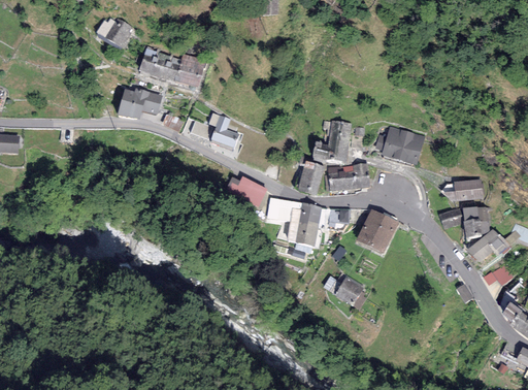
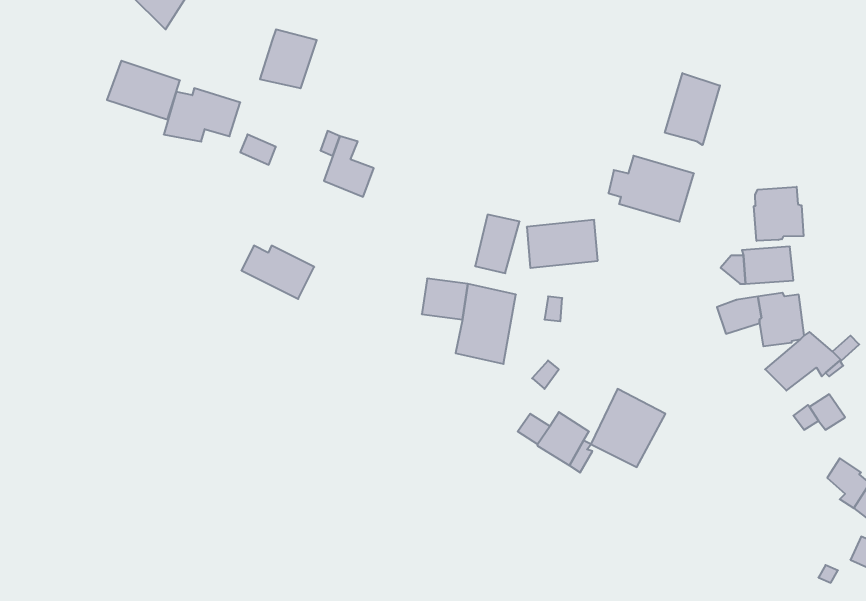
building: [138,47,180,82] -> [107,61,180,120]
building: none -> [665,73,720,145]
building: [311,120,351,162] -> none
building: none -> [754,187,804,241]
building: [225,175,267,206] -> [241,246,314,299]
building: [356,208,399,254] -> [591,389,665,467]

